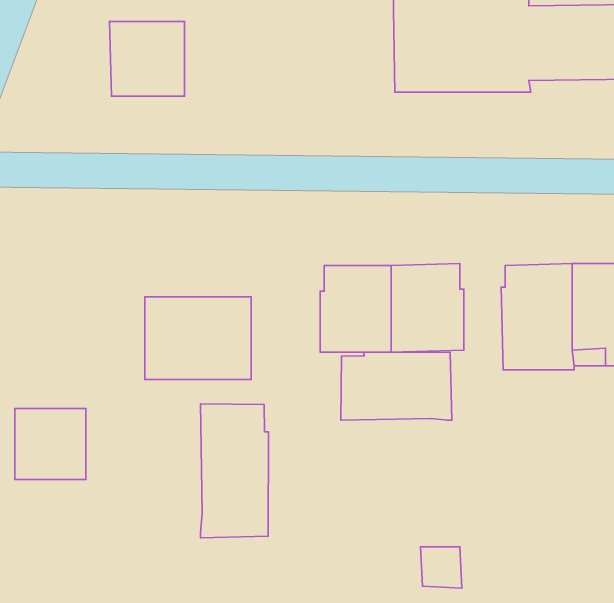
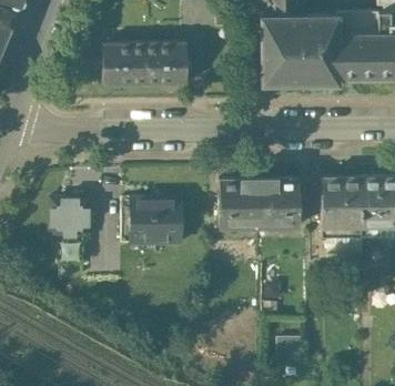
building: none -> [144,43,186,85]
building: [341,352,452,420] -> none
building: [200,404,268,538] -> none
building: [15,409,86,479] -> [51,200,91,240]

